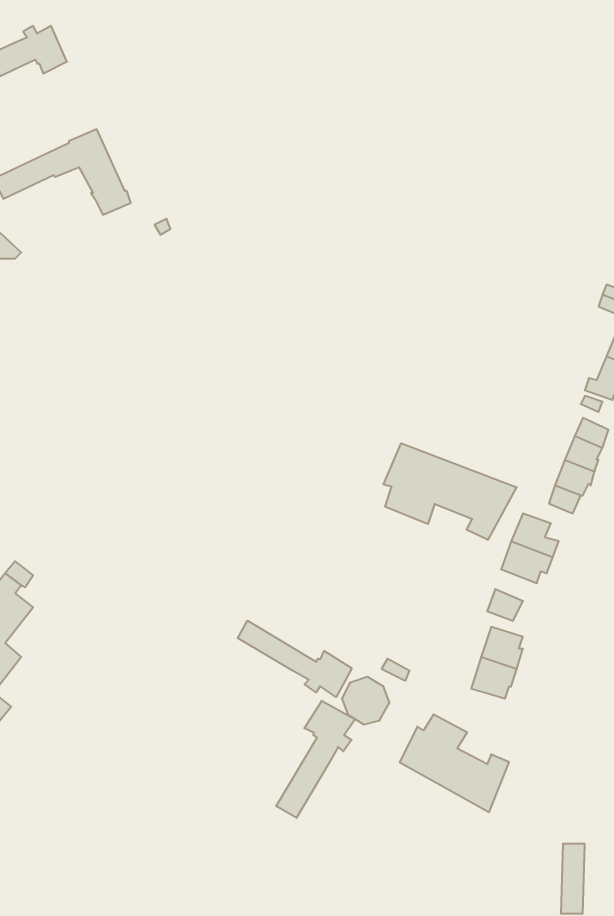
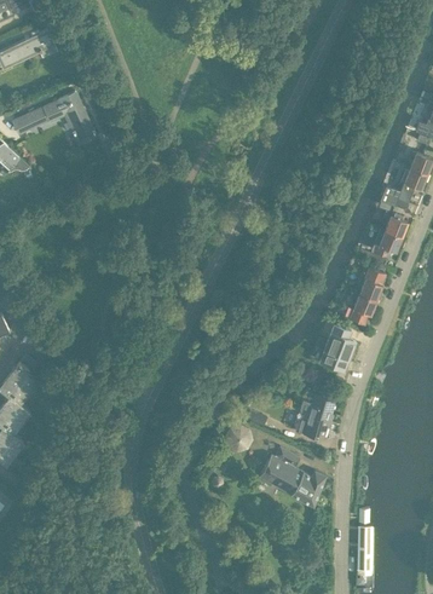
building: [383,443,517,540] -> none
building: [238,621,352,697] -> none
building: [276,701,355,818] -> none

